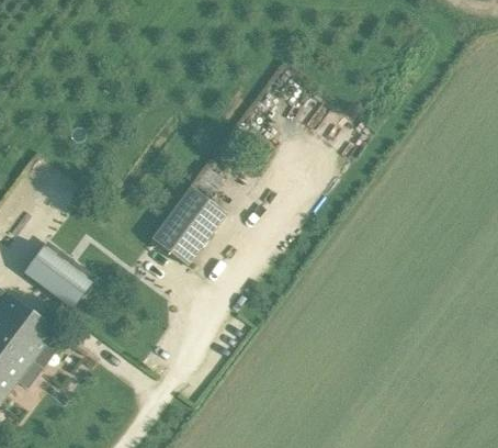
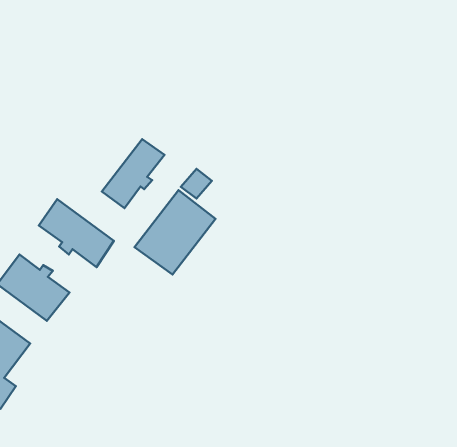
building: none -> [102,139,165,208]
building: none -> [39,199,114,267]

